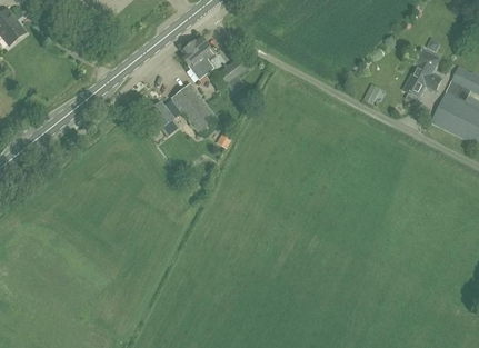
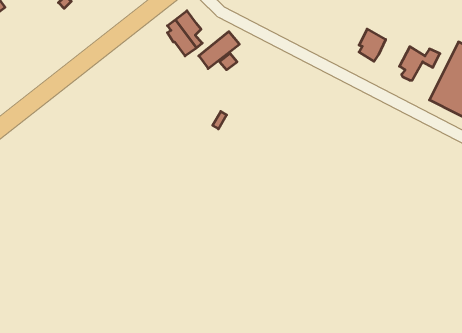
building: [413,48,439,79] -> [359,29,386,61]
building: [146,83,219,133] -> none

